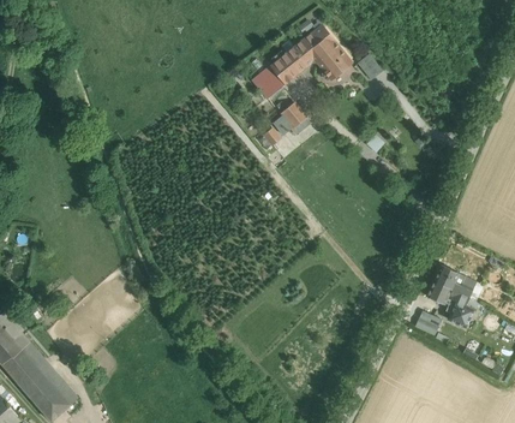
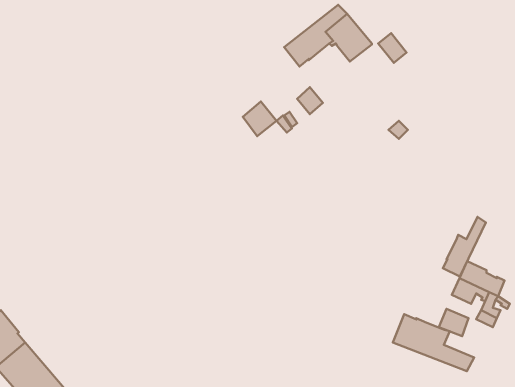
building: [252,65,283,97] -> [243,101,276,136]
building: none -> [443,217,486,277]
building: none -> [393,314,474,371]

